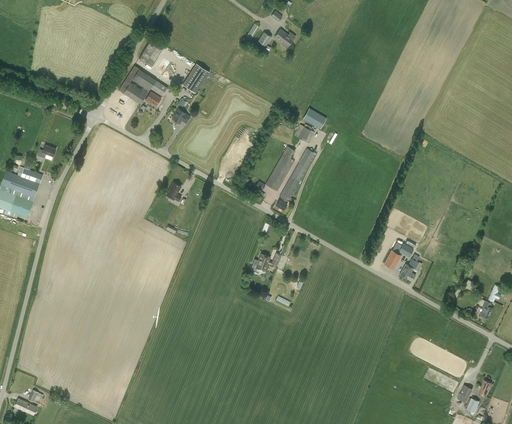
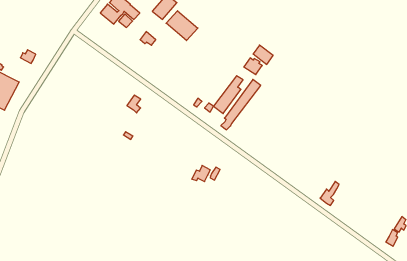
building: none -> [166,11,198,41]
building: [384,242,414,269] -> none

